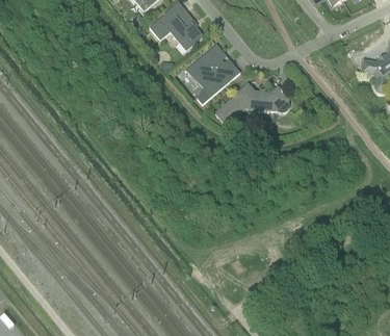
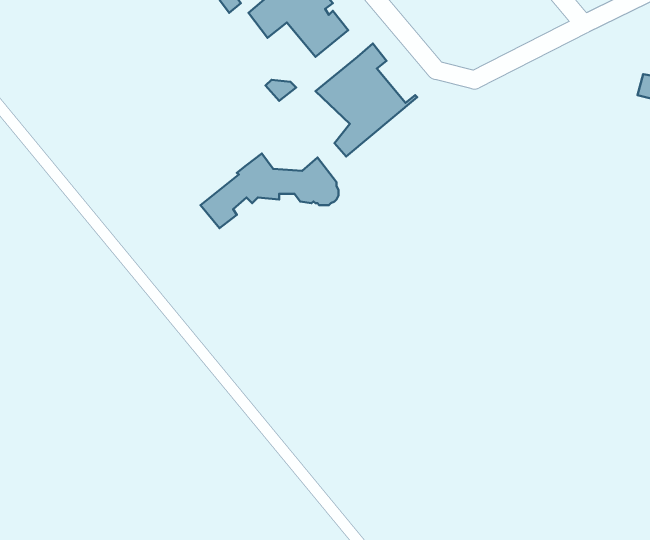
building: [214,83,289,124] -> [200,154,338,228]

